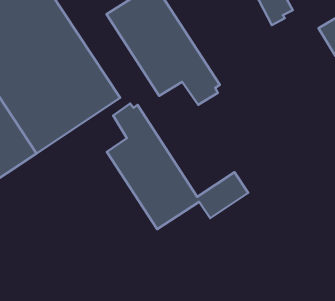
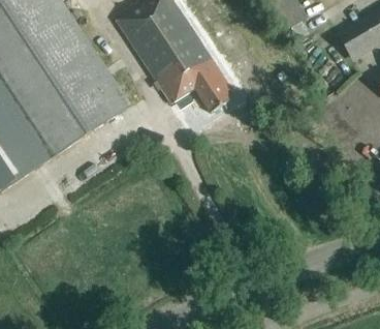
building: [107,103,248,229] -> none

